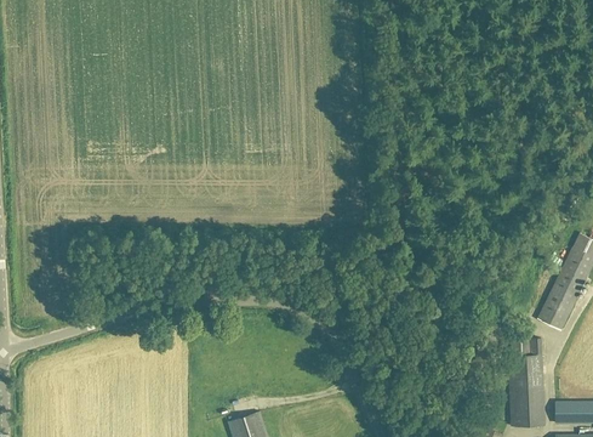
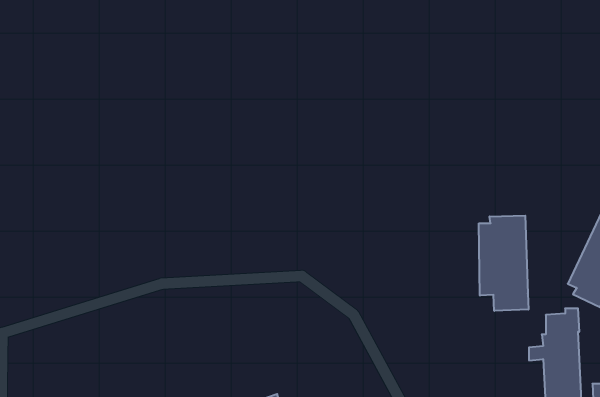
building: none -> [479,216,528,311]

